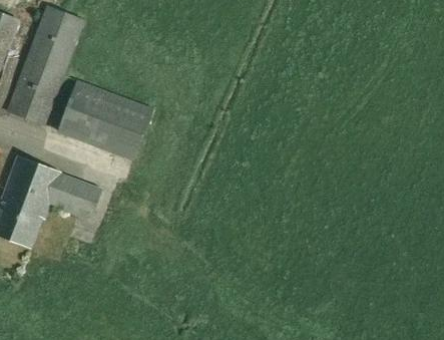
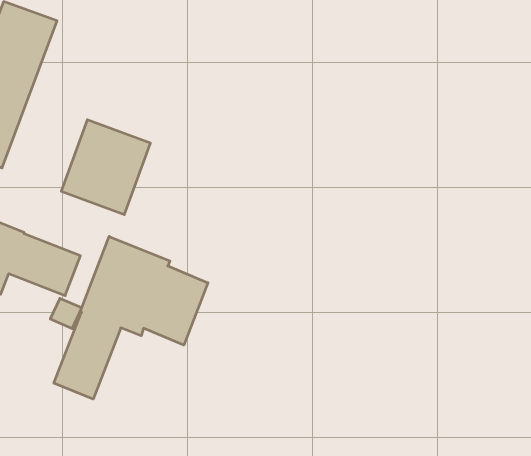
building: [57,80,107,142] -> none
building: none -> [54,236,208,399]

